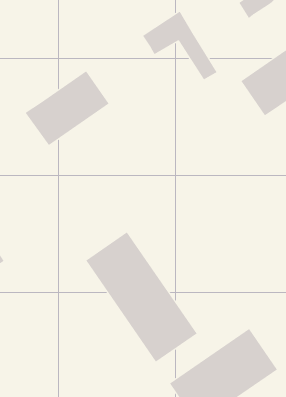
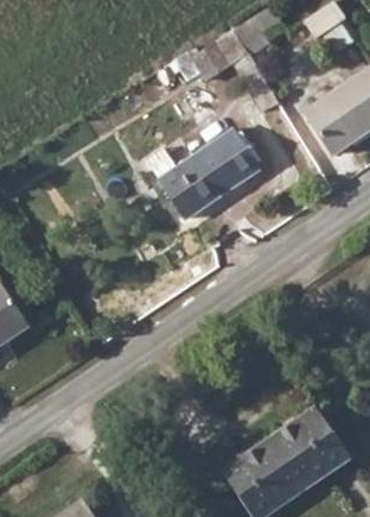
building: [25,70,110,146] -> [160,130,260,219]
building: [86,231,197,363] -> none

